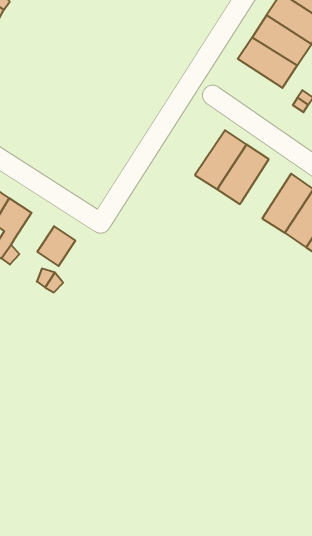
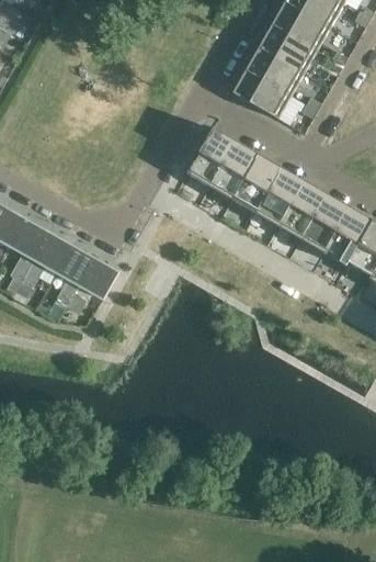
building: none -> [231,68,290,117]
building: none -> [186,126,236,186]
building: none -> [254,166,304,225]
building: none -> [33,232,71,270]
building: none -> [78,257,117,297]

